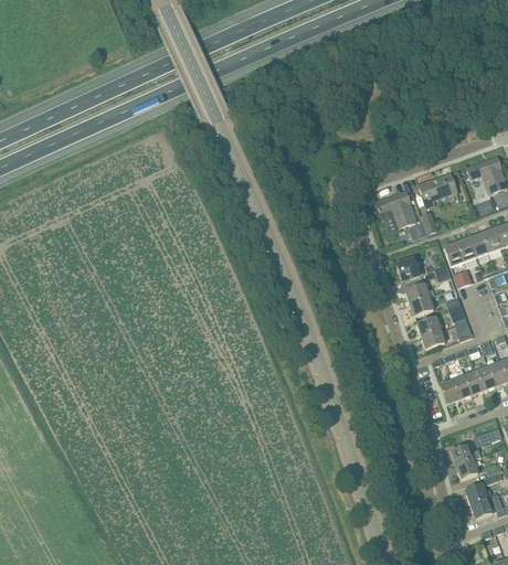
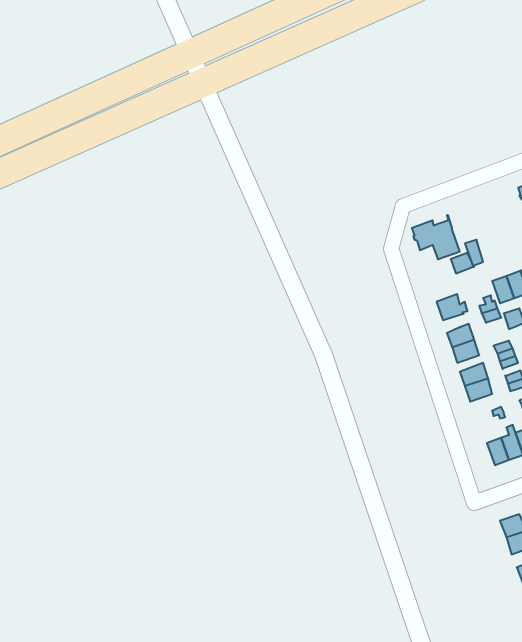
building: [419,172,456,206] -> none

